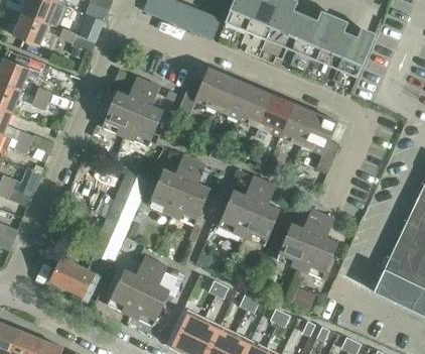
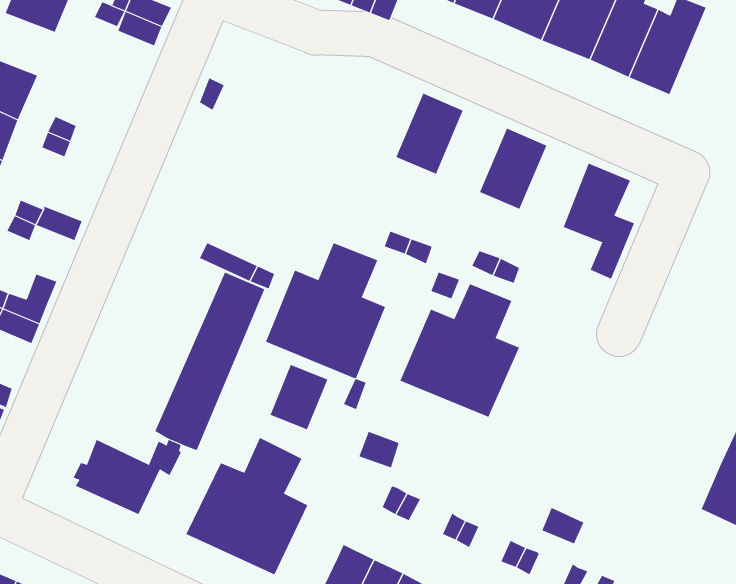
building: [178,68,230,116] -> none
building: [102,77,163,147] -> none
building: [237,86,273,128] -> none
building: [280,104,315,146] -> none
building: [276,209,338,279] -> none
building: none -> [270,364,328,430]

